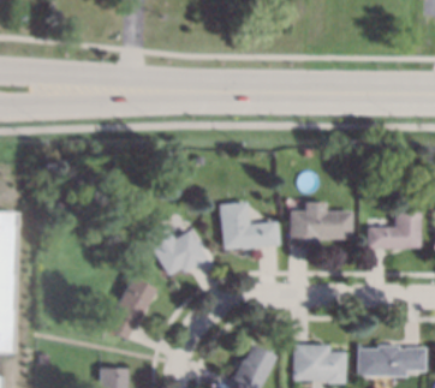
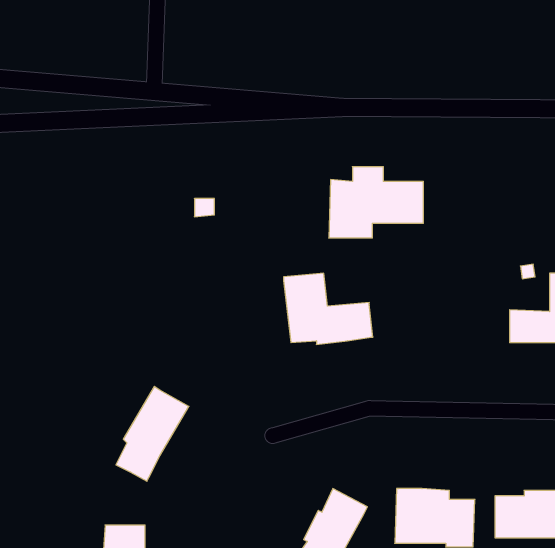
building: [290,202,352,249] -> [329,167,423,238]
building: [144,223,208,276] -> none

